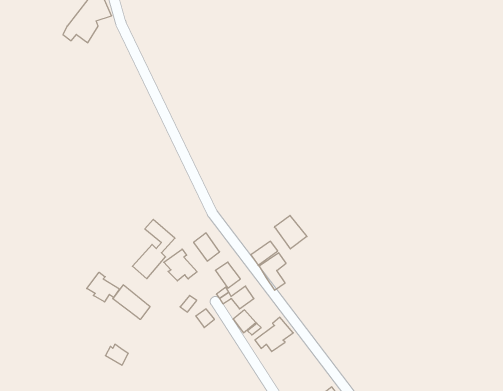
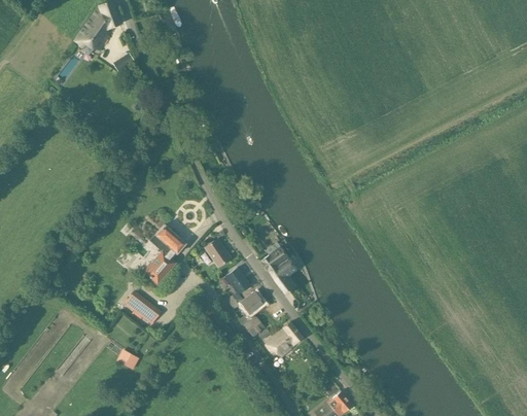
building: [275,215,307,249] -> none
building: [164,249,197,281] -> none
building: [87,272,119,302] -> none

